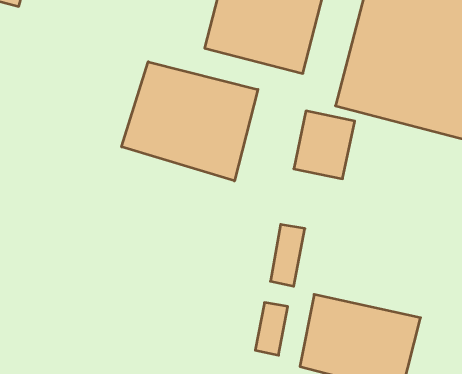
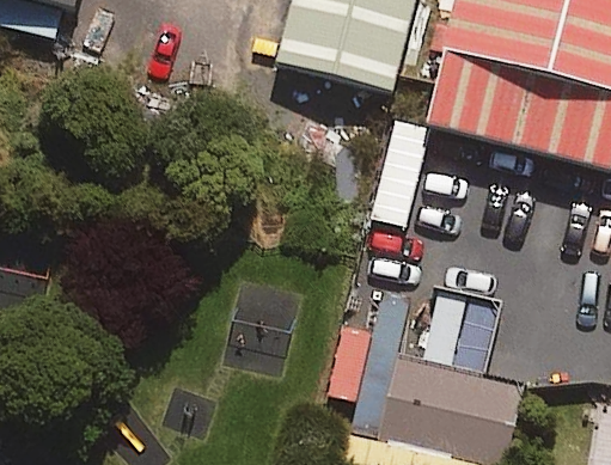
building: [122,62,258,181] -> none

